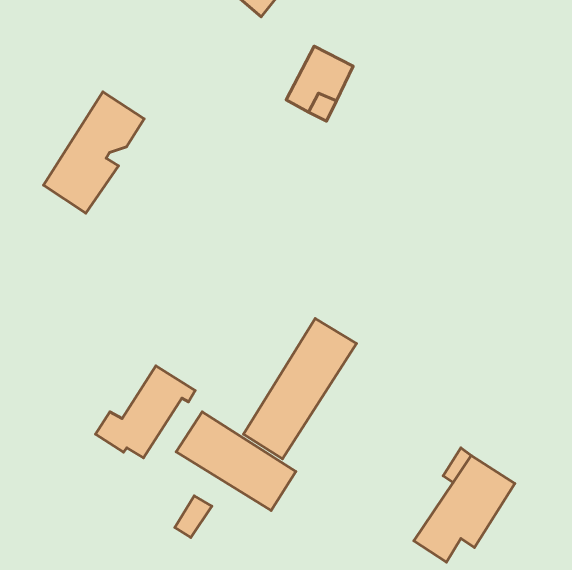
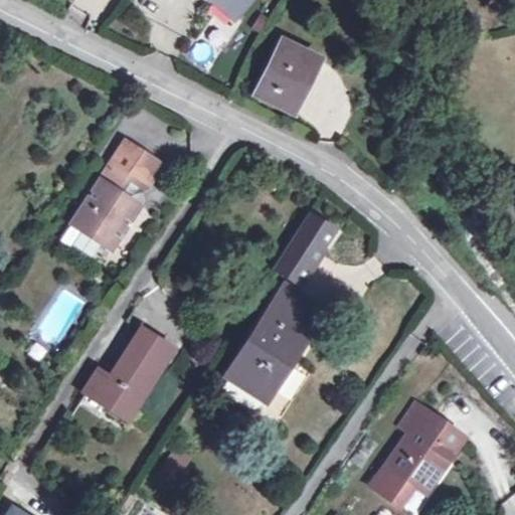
building: [43,92,144,213] -> [72,139,163,247]
building: none -> [276,213,336,284]
building: [176,412,296,510] -> none

